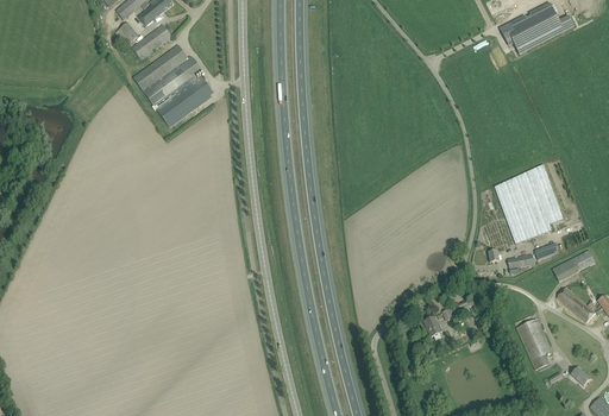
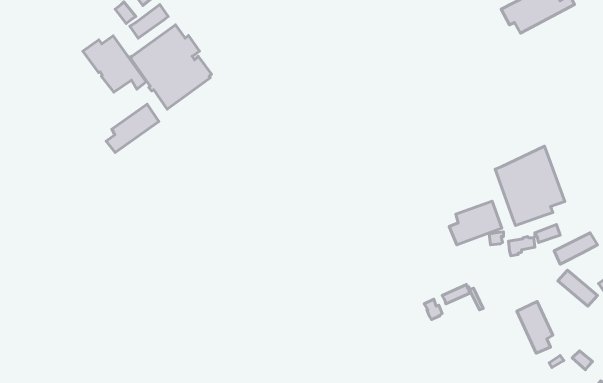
building: none -> [83,36,146,92]
building: none -> [106,104,159,153]
building: none -> [449,201,502,245]

